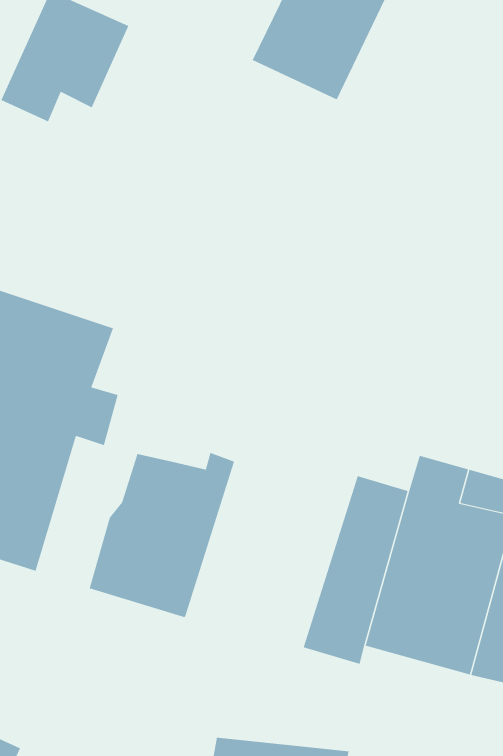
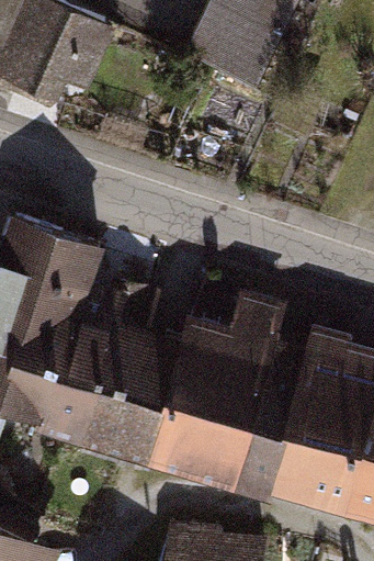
building: none -> [43,287,152,434]
building: none -> [149,306,280,478]

